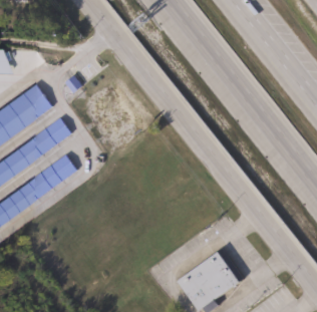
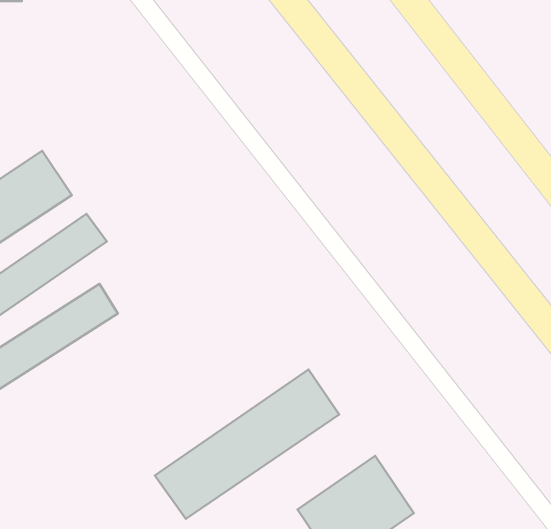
building: none -> [155,370,339,519]

